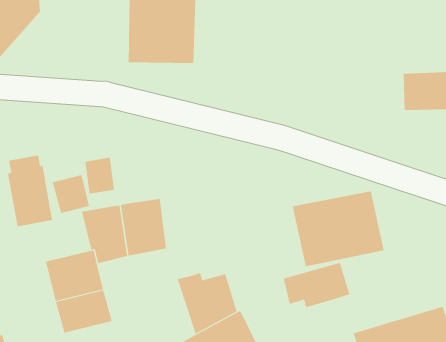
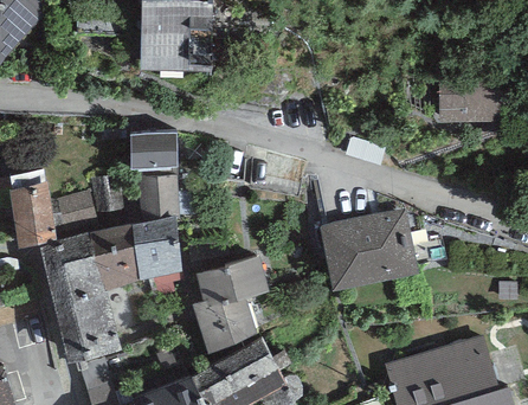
building: none -> [130,131,179,169]
building: none -> [137,175,180,223]
building: none -> [39,232,99,287]
building: [283,262,350,308] -> [197,257,270,307]

